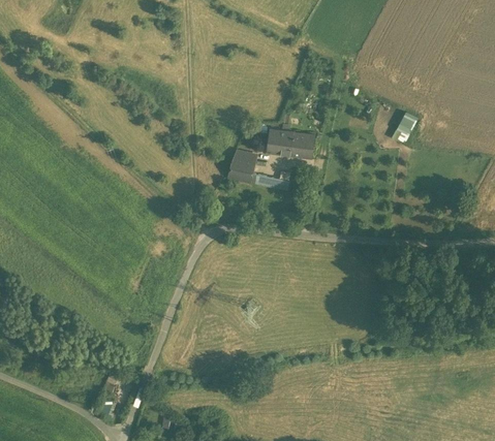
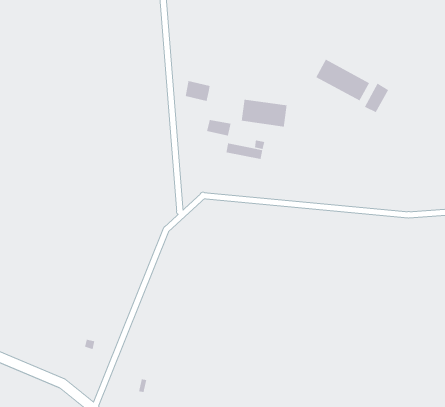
building: none -> [315,59,370,102]
building: [228,161,254,183] -> [185,80,210,102]

